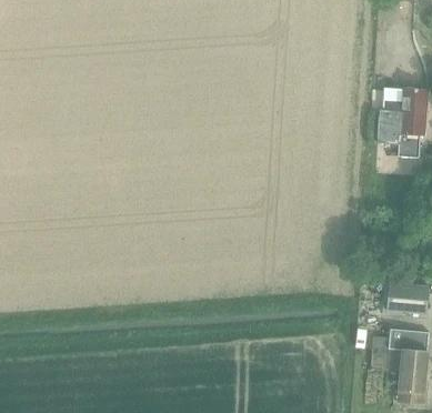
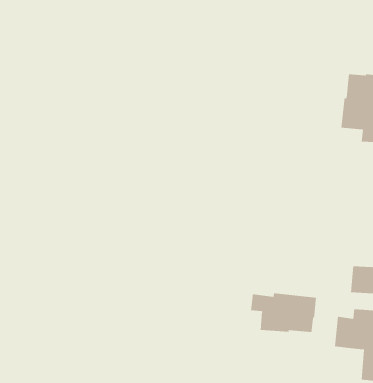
building: none -> [250,293,317,333]

